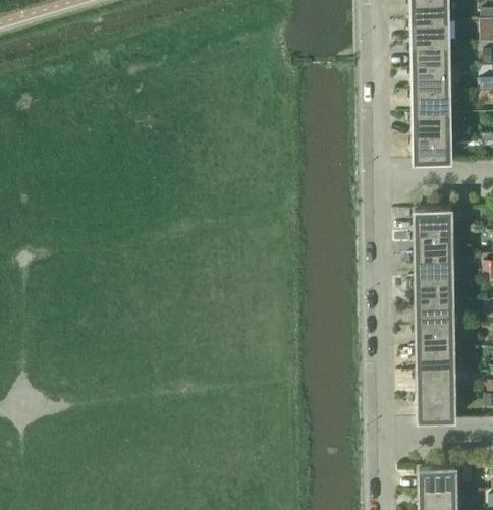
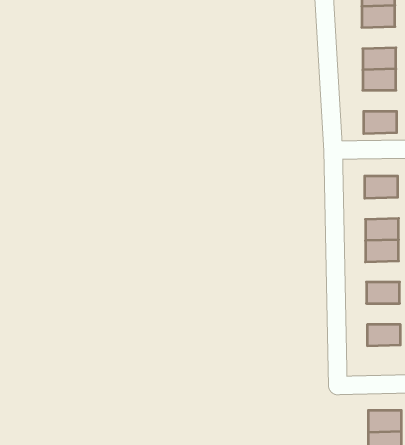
building: [413,46,450,70] -> none
building: [414,116,451,139] -> none
building: [416,234,453,259] -> none
building: [417,304,454,328] -> none
building: [418,351,455,375] -> none
building: [419,397,455,422] -> none

